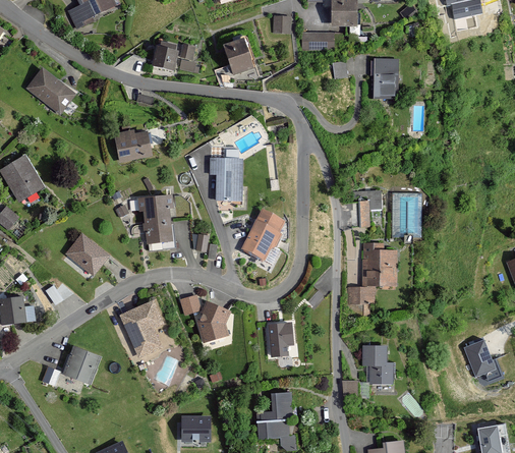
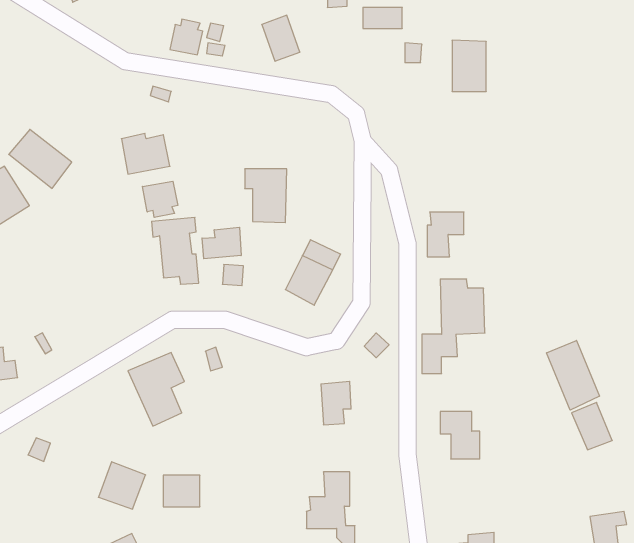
building: [25,68,74,114] -> [9,129,72,188]
building: none -> [142,181,178,217]
building: none -> [202,227,241,259]
building: [65,233,109,275] -> none
building: none -> [547,340,599,410]
building: [196,301,229,342] -> none
building: [63,346,100,383] -> [98,462,146,509]
building: [181,416,210,441] -> [163,475,200,507]

